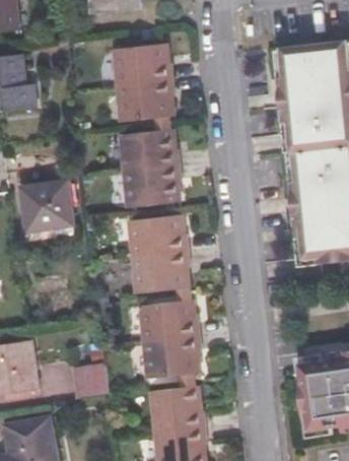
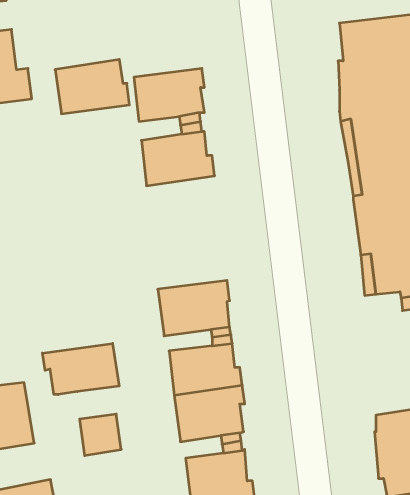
building: [109,45,168,88] -> [55,59,129,114]
building: [124,168,181,211] -> none
building: [16,176,70,229] -> none
building: [128,216,189,259] -> none
building: none -> [42,343,119,395]

